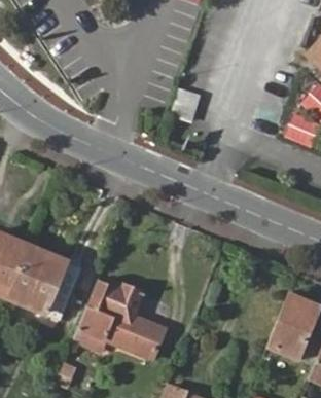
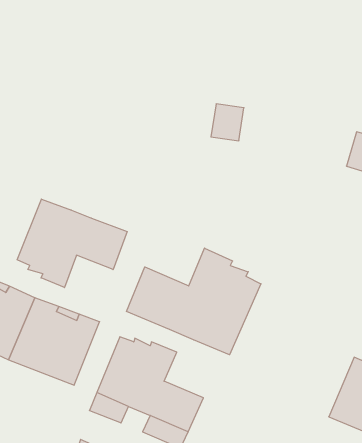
building: none -> [17,199,127,288]
building: none -> [127,248,261,355]

